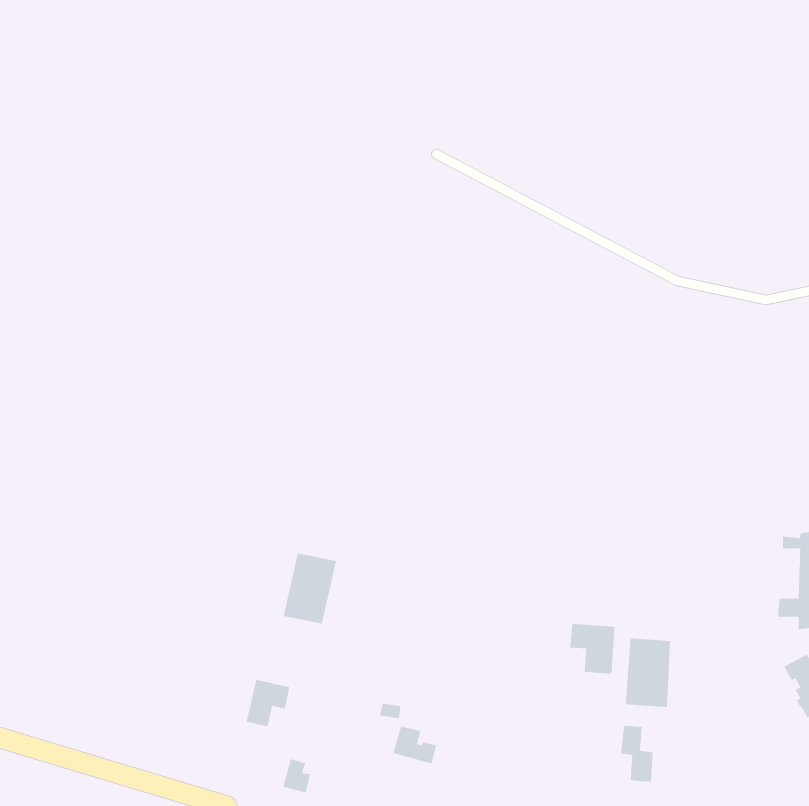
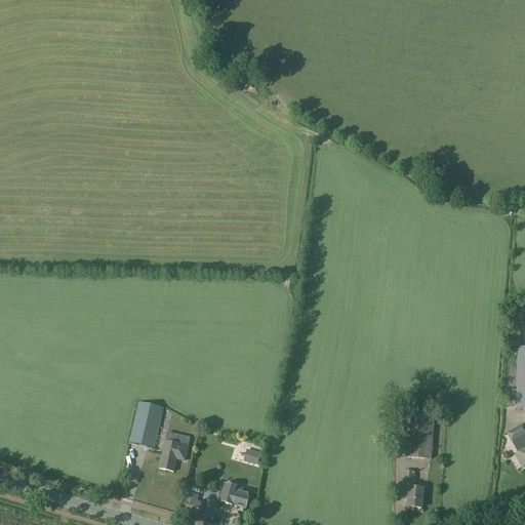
building: [283,553,337,624] -> [129,400,164,446]
building: [570,623,615,675] -> none
building: [392,726,437,764] -> [220,482,249,507]

